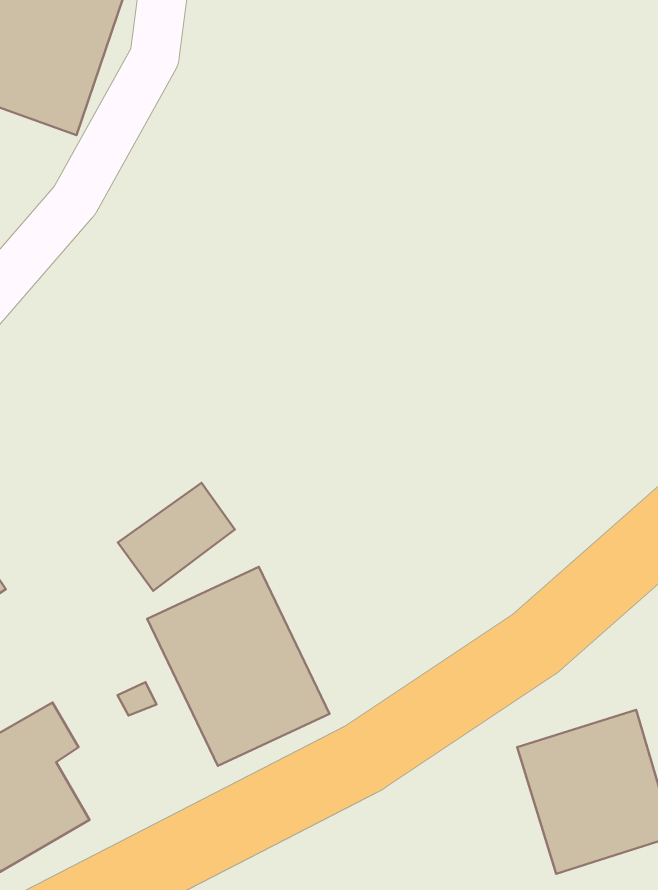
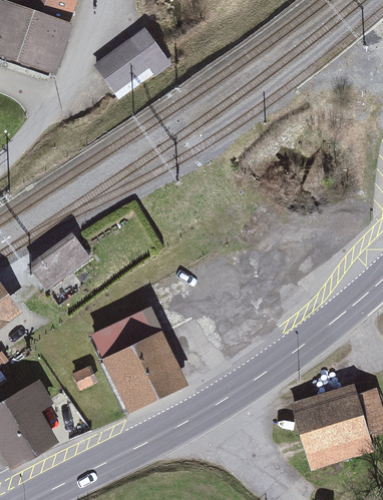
building: none -> [93,27,170,99]
building: [118,483,235,591] -> [27,232,90,291]

